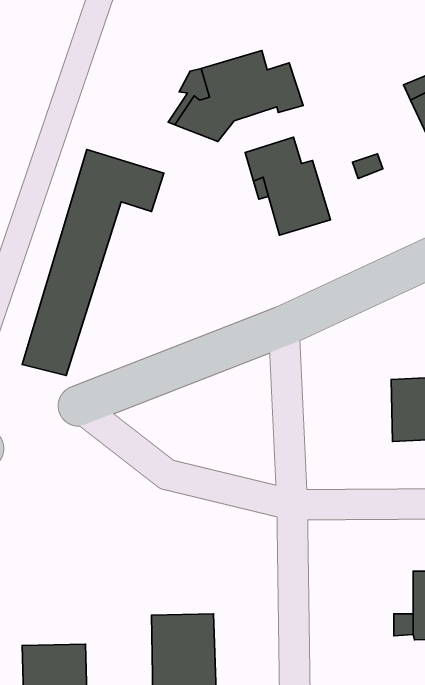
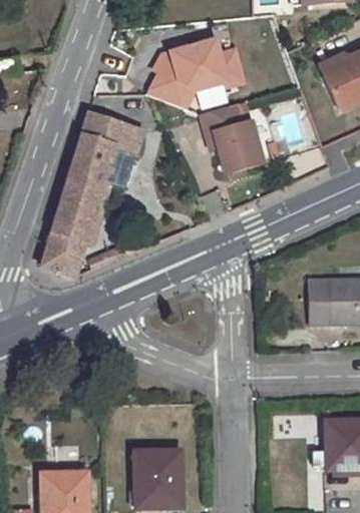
building: none -> [83,150,134,244]

